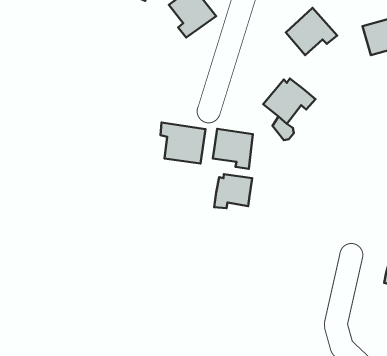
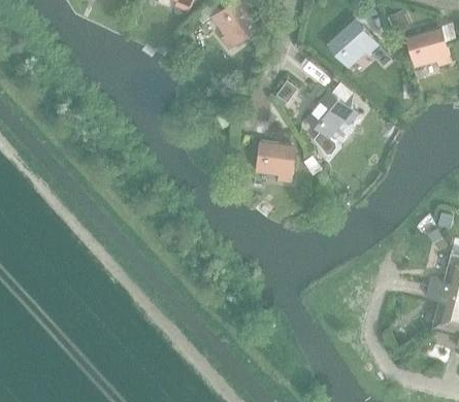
building: [161,123,206,164] -> none
building: [214,174,252,208] -> none

